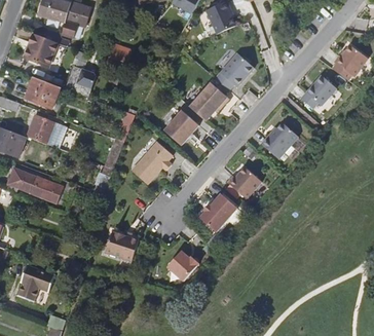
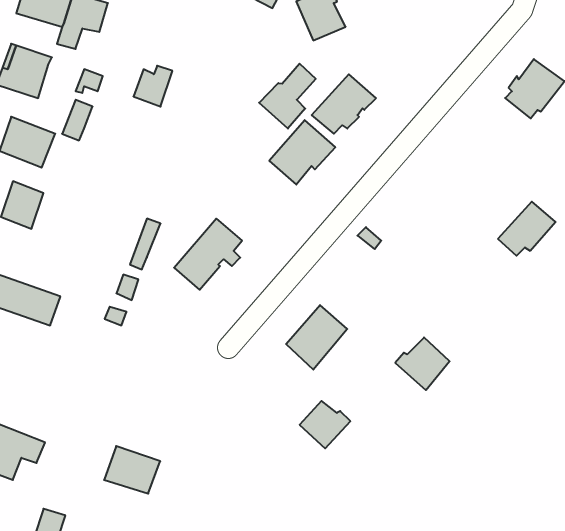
building: none -> [259,64,316,129]
building: [302,73,337,106] -> [498,202,556,256]
building: [165,108,199,143] -> none
building: [262,120,299,156] -> none
building: [228,164,261,196] -> [395,337,450,390]
building: [106,229,140,258] -> [104,446,160,494]
building: [167,250,198,278] -> [300,401,350,448]

